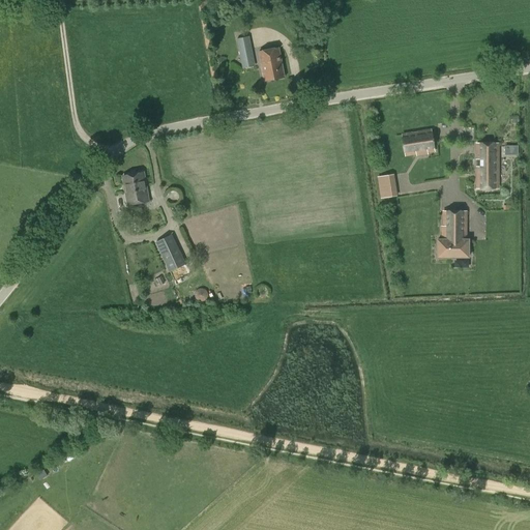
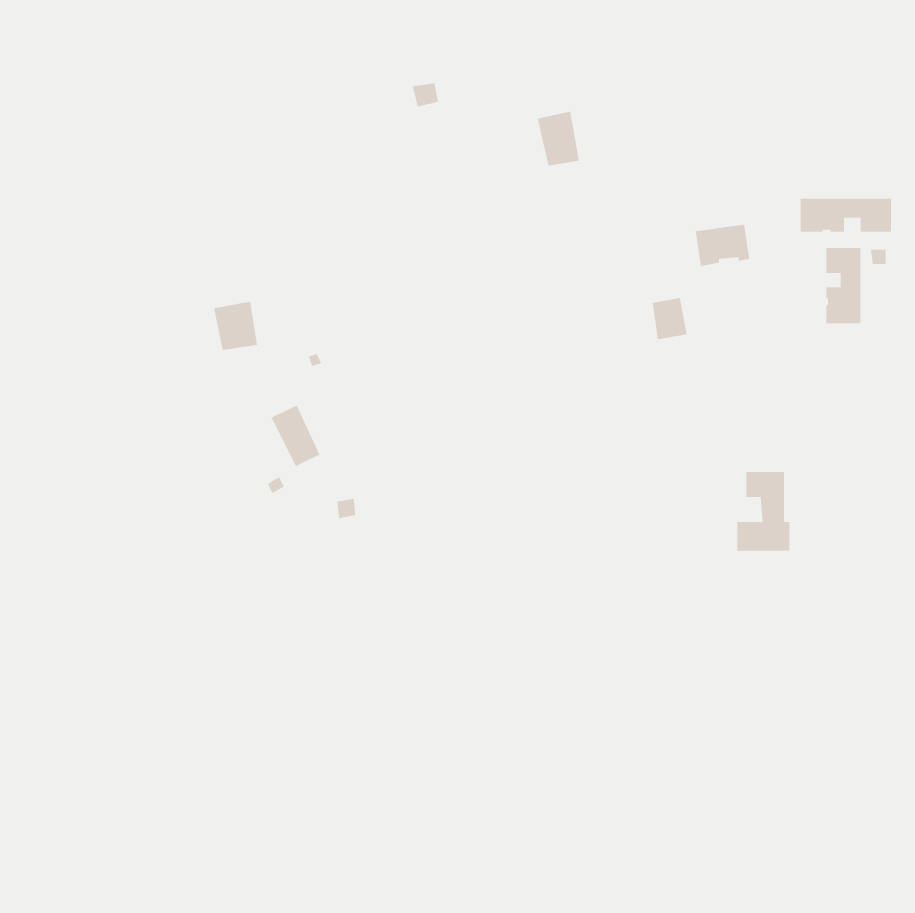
building: [259,48,284,80] -> [537,111,580,166]
building: none -> [800,198,892,232]
building: [438,210,469,257] -> [737,471,790,552]

